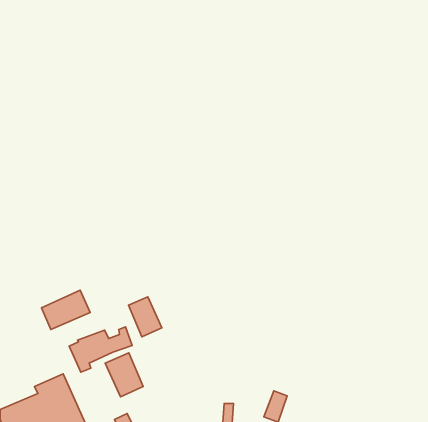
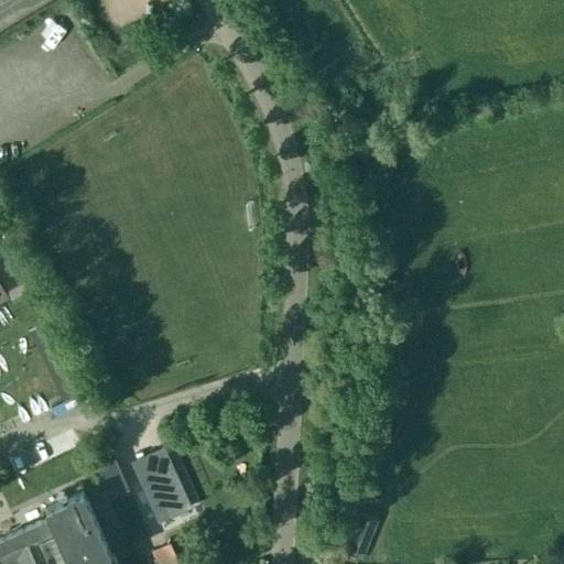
building: [41,290,90,329] -> none
building: [128,297,162,337] -> none

